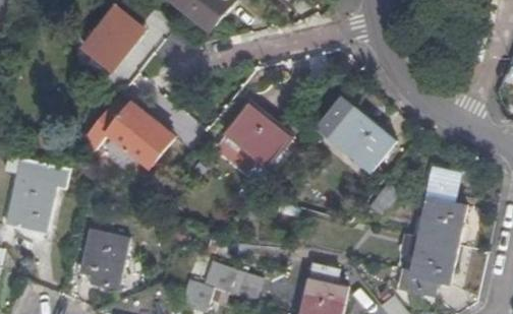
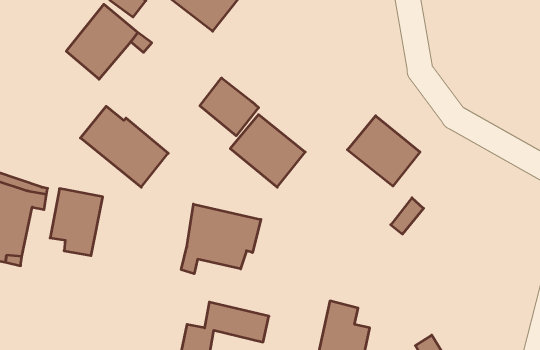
building: none -> [200,78,259,136]
building: [407,166,465,296] -> none
building: none -> [181,204,261,274]
building: [79,232,125,290] -> [50,189,103,256]

